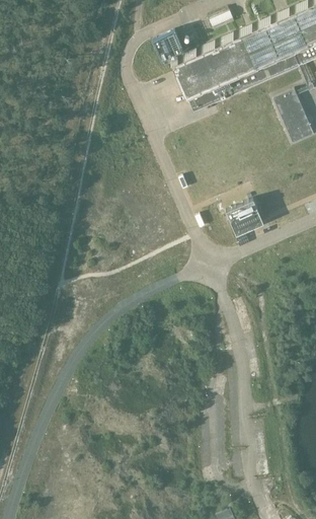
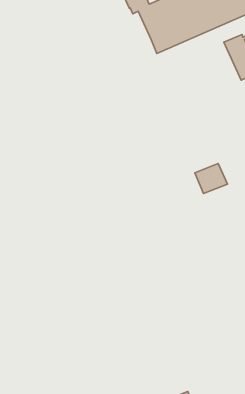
building: [226,201,264,236] -> [195,163,228,194]

